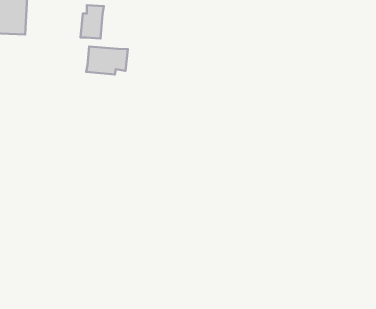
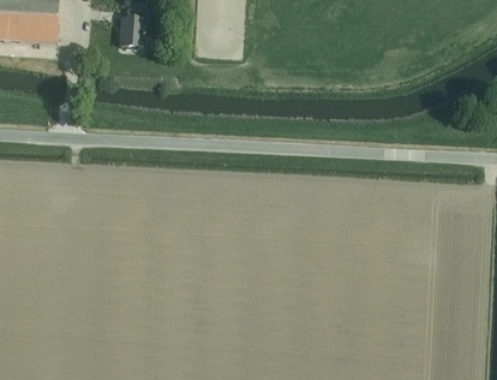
building: [86,46,128,74] -> none

